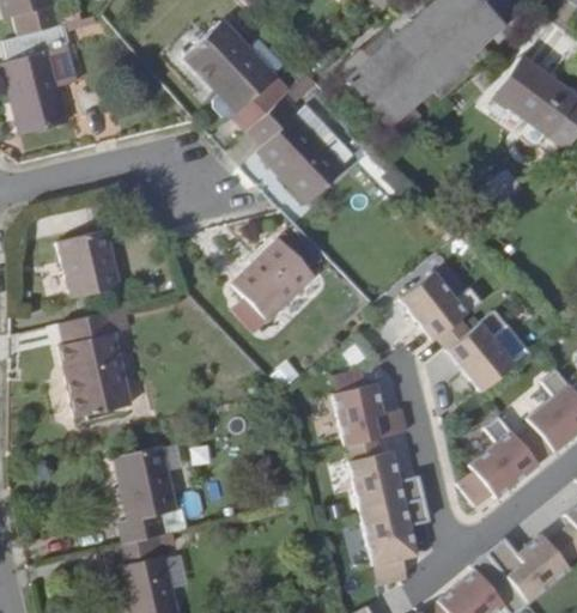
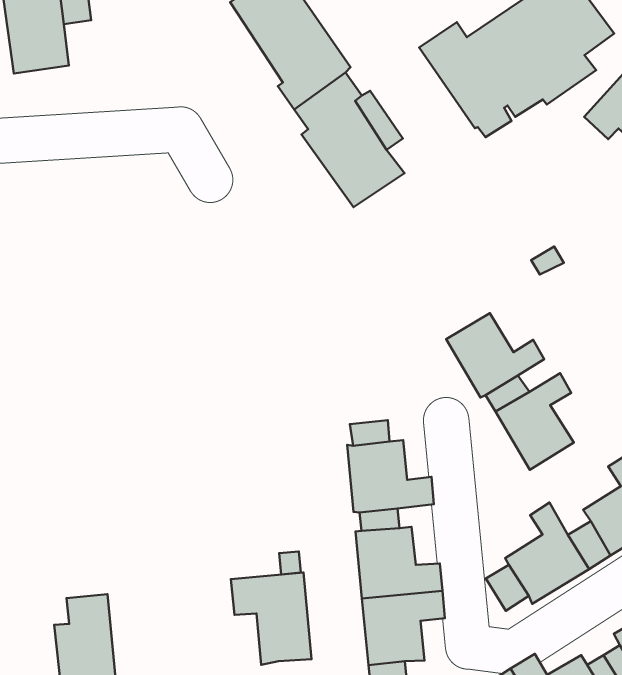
building: [57,230,121,299] -> none
building: [231,237,315,320] -> none
building: [59,308,132,417] -> none
building: [114,447,174,544] -> none
building: none -> [231,572,312,665]

